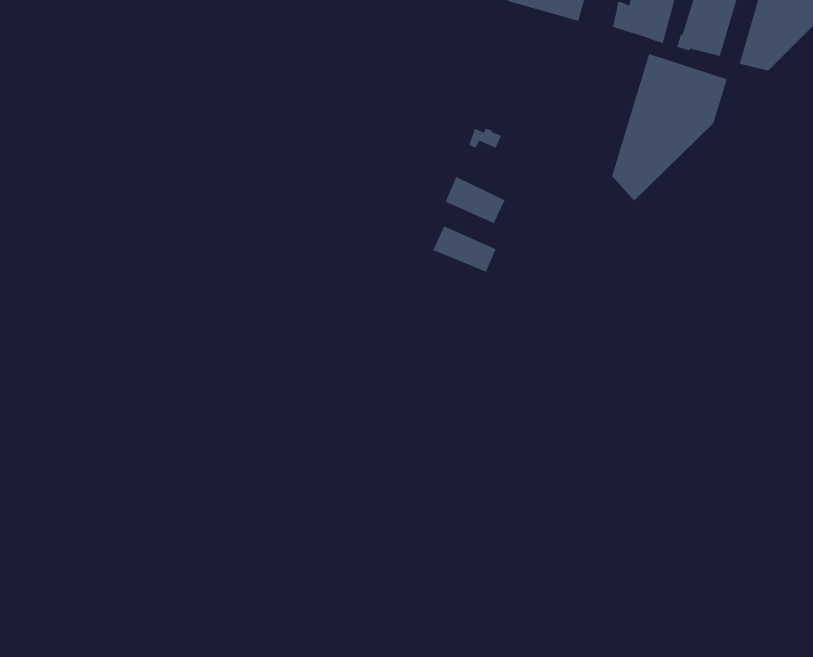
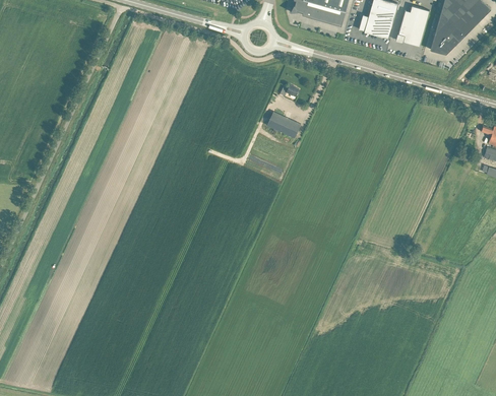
building: [611,53,727,201] -> none
building: [432,226,496,273] -> none

